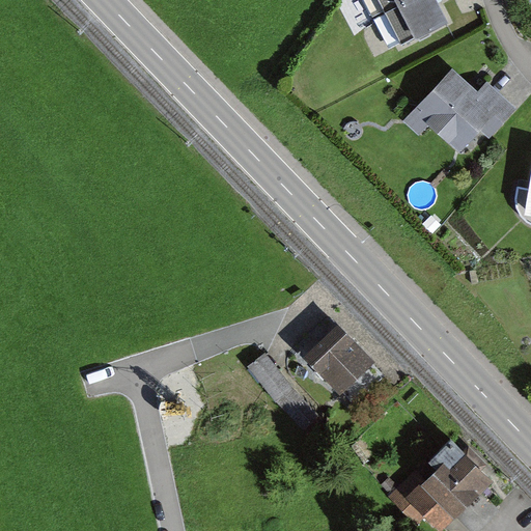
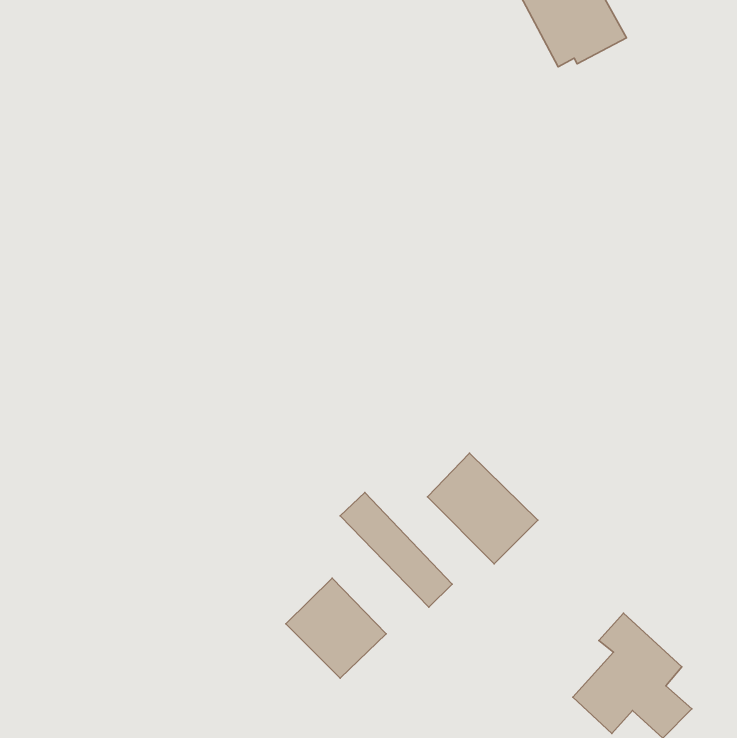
building: [398,65,513,150] -> none
building: none -> [286,578,386,678]

